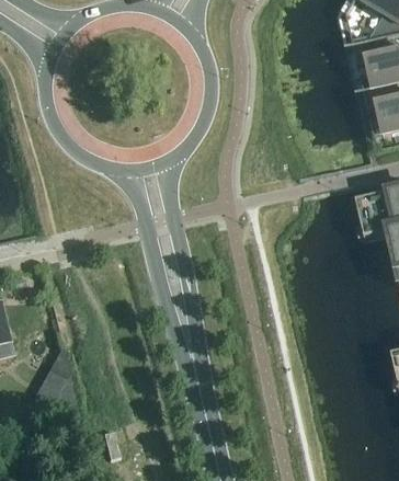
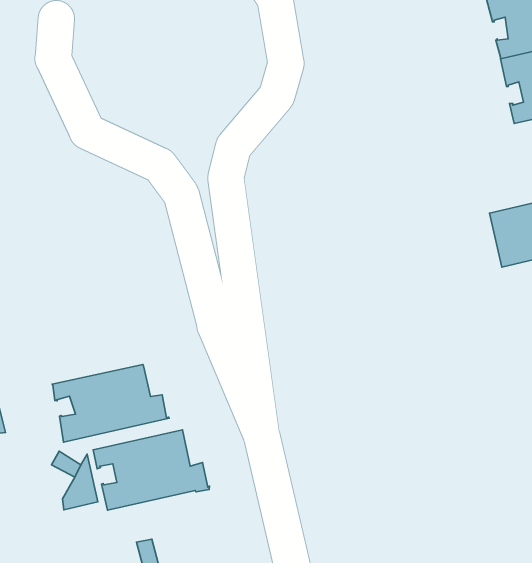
building: none -> [52,364,169,442]
building: none -> [93,430,209,510]

